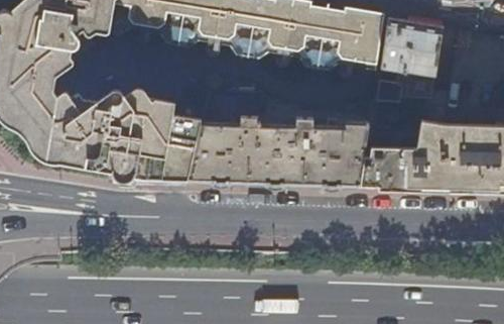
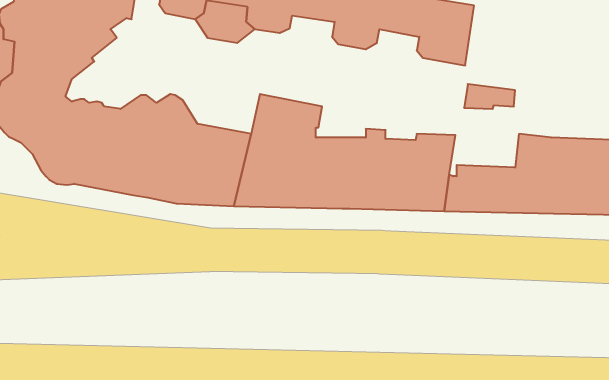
building: [383,19,444,77] -> none
building: [229,26,276,61] -> none
building: [298,37,345,73] -> none

